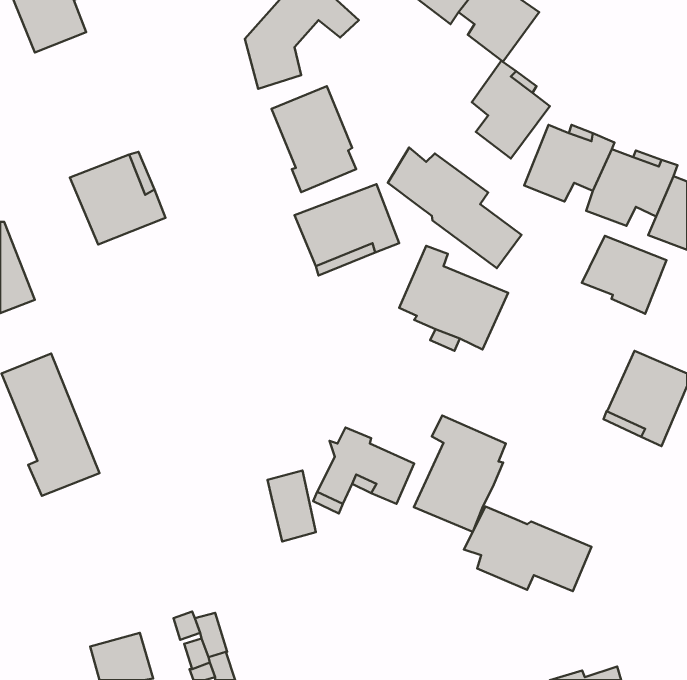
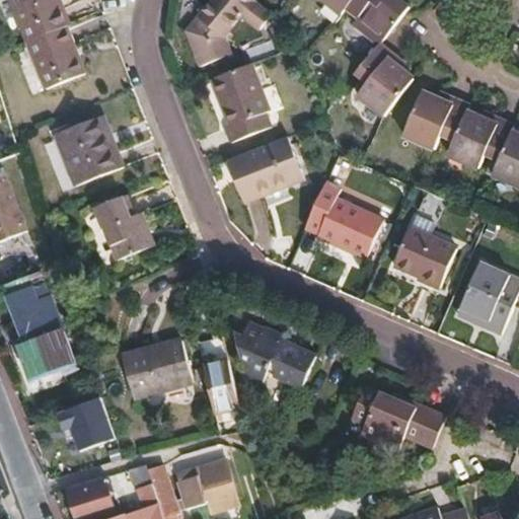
building: none -> [24,24,84,89]
building: [388,147,521,268] -> none
building: [582,236,667,314] -> [389,232,453,291]
building: none -> [94,194,156,261]
building: [414,416,506,532] -> none
building: none -> [118,331,192,391]
building: none -> [61,394,121,452]
building: none -> [177,457,233,505]

